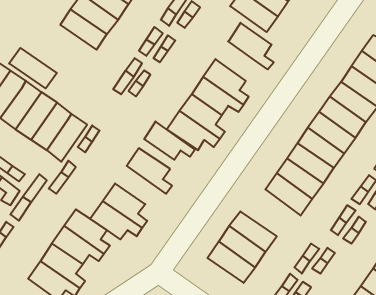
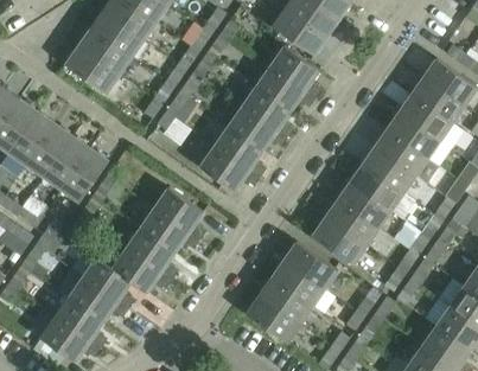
building: none -> [255,66,314,111]
building: [9,48,57,88] -> [64,47,119,94]
building: [144,121,195,160] -> [140,209,198,252]
building: none -> [283,242,337,289]

